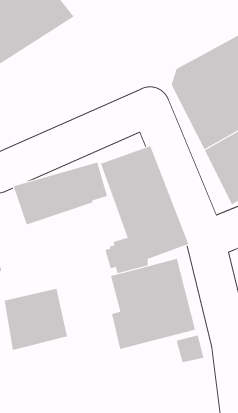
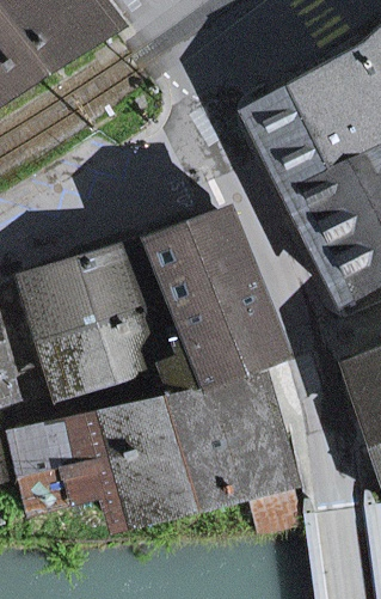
building: none -> [45,285,172,392]
building: none -> [90,399,179,520]

